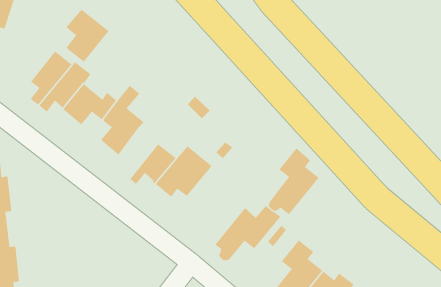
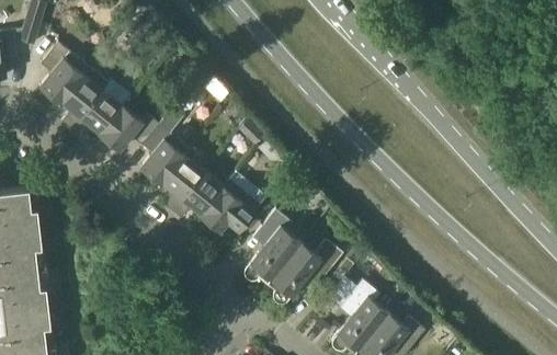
building: [65,9,109,62] -> [41,44,90,104]
building: none -> [161,156,205,213]
building: [268,148,320,215] -> [245,210,303,286]

